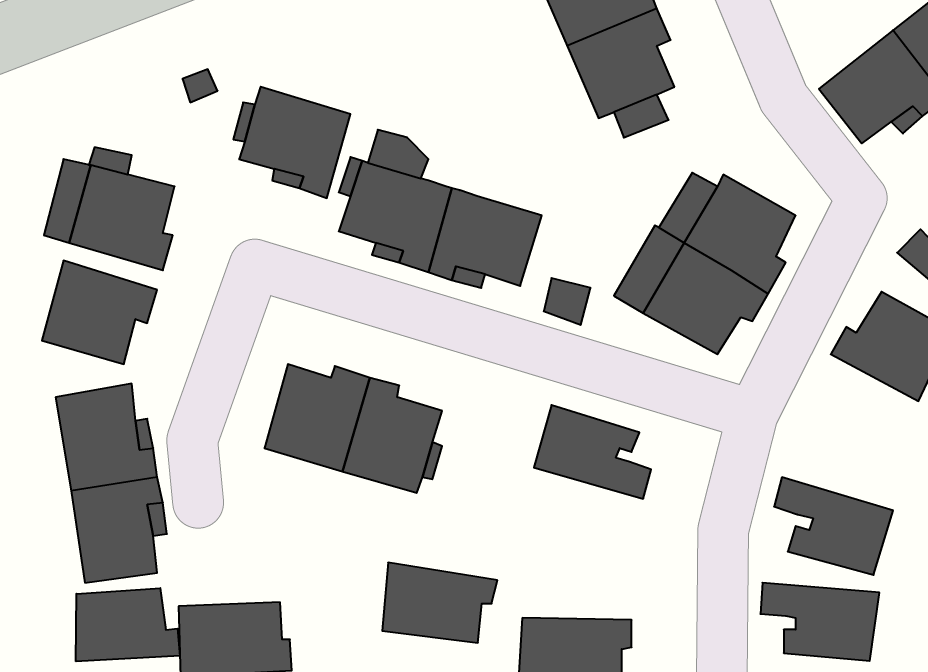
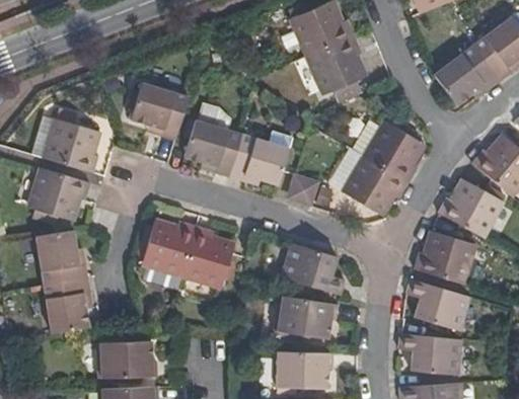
building: none -> [417,233,476,284]
building: [382,563,497,643] -> [279,295,339,336]
building: [76,588,180,661] -> none

